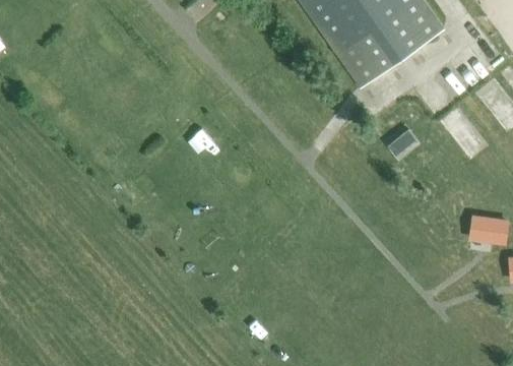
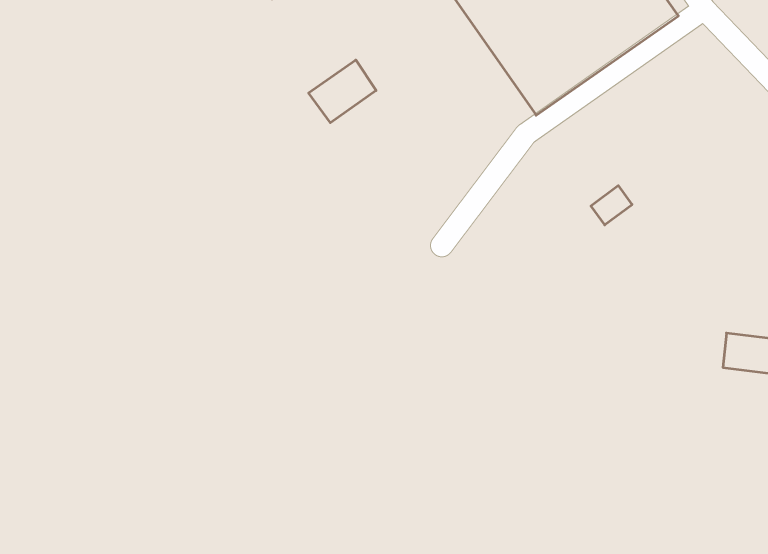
building: none -> [309,60,376,123]

